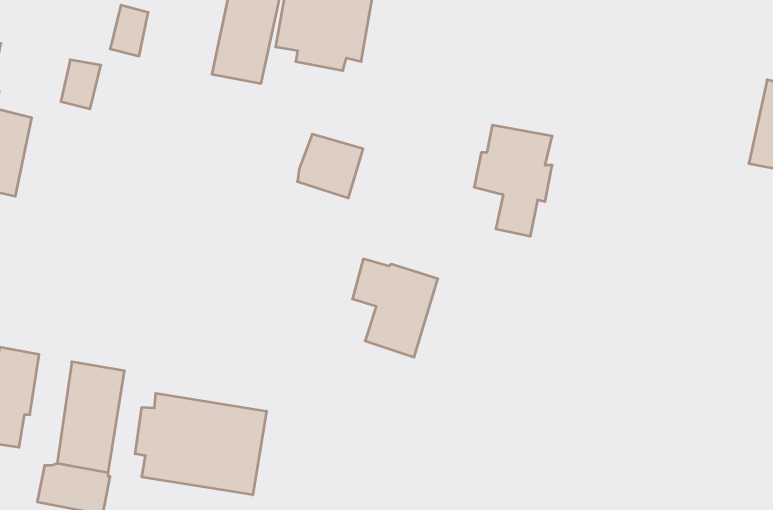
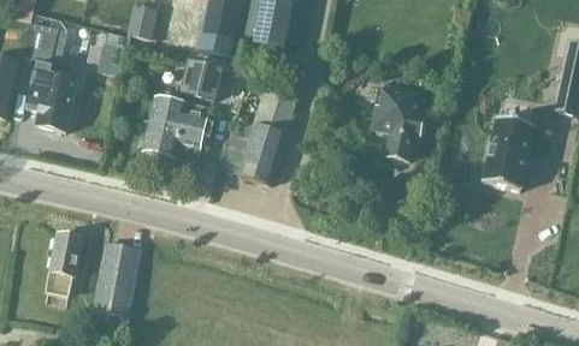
building: none -> [182,56,224,99]
building: none -> [142,93,209,159]
building: none -> [483,115,534,189]
building: [352,259,438,357] -> [228,117,284,181]
building: [135,393,267,495] -> none

